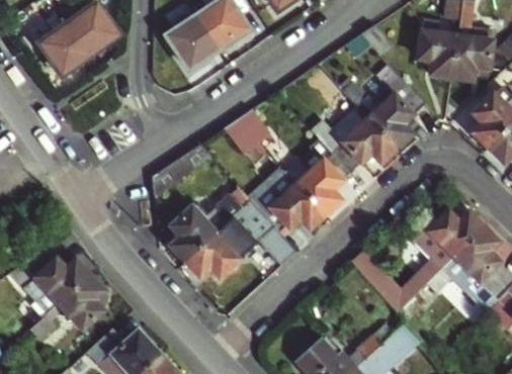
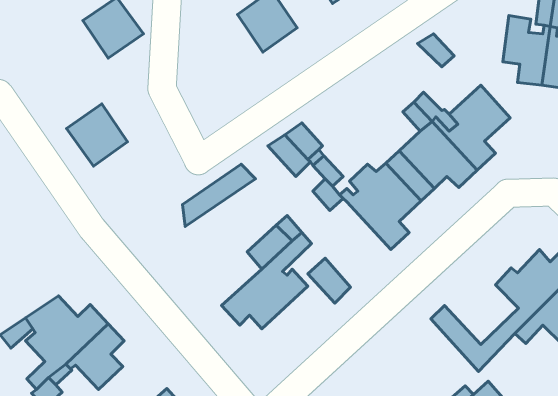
building: [168,18,219,69] -> none
building: [39,23,90,75] -> [67,104,128,166]
building: [258,174,325,228] -> none
building: [170,204,218,260] -> none

